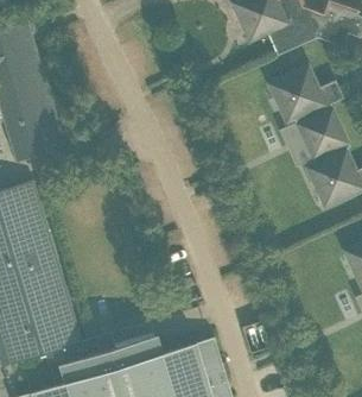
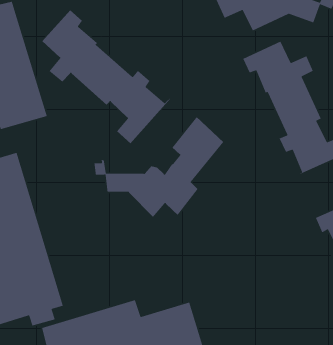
building: none -> [41,9,171,144]
building: none -> [93,116,224,218]

